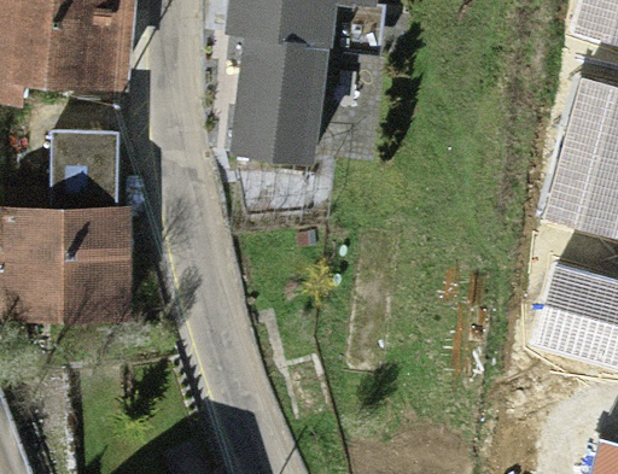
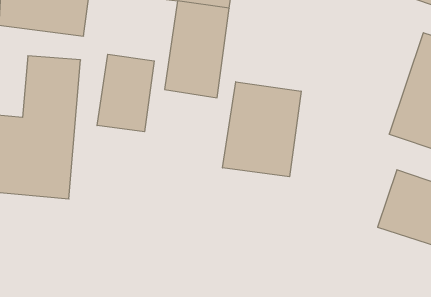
building: none -> [97,54,154,132]
building: none -> [223,82,301,177]

